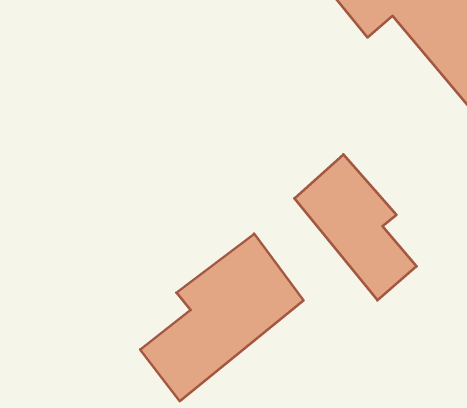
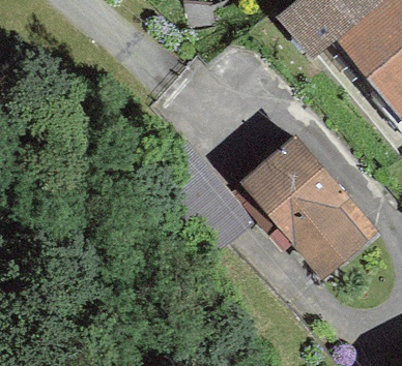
building: [140,234,303,401] -> none

